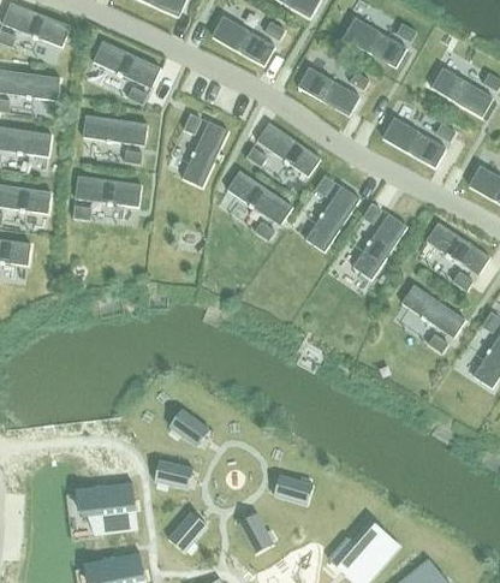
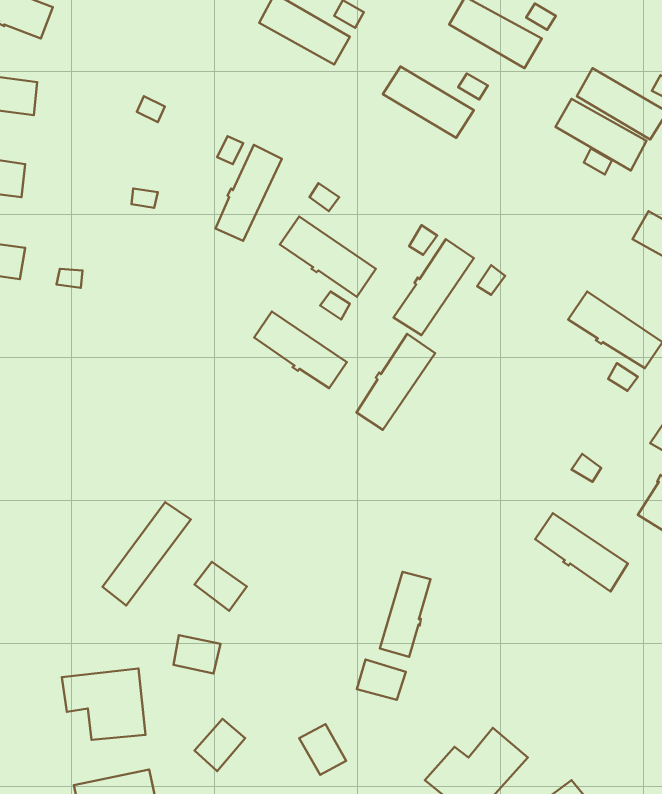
building: [93,41,160,88] -> none
building: [82,114,147,145] -> none
building: [382,118,445,167] -> [556,99,646,170]
building: [256,123,320,176] -> [254,311,347,388]
building: [75,176,141,207] -> none
building: [352,213,406,279] -> [356,334,435,430]
building: [400,284,464,338] -> [535,513,628,592]
building: none -> [103,502,191,605]
building: none -> [380,572,430,657]

